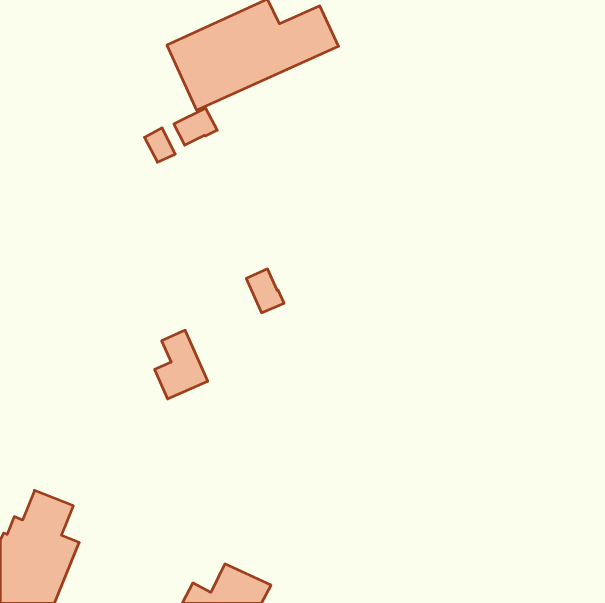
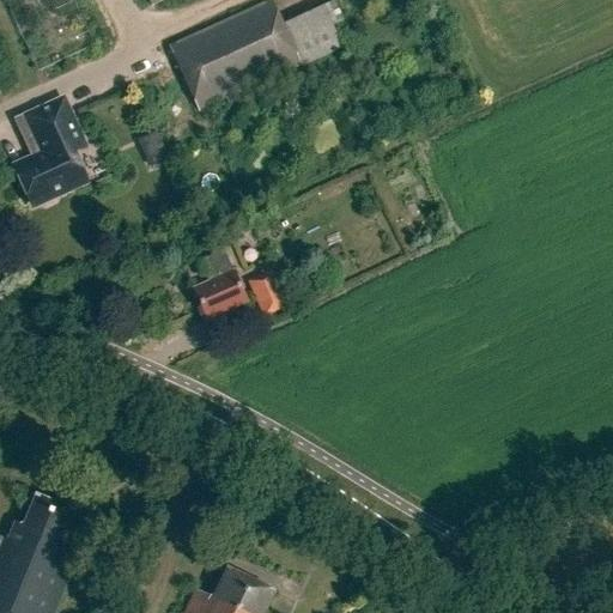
building: none -> [16,102,85,205]
building: [174,108,217,145] -> none
building: [155,330,208,399] -> [193,250,247,320]

